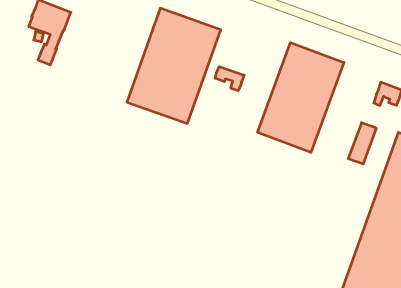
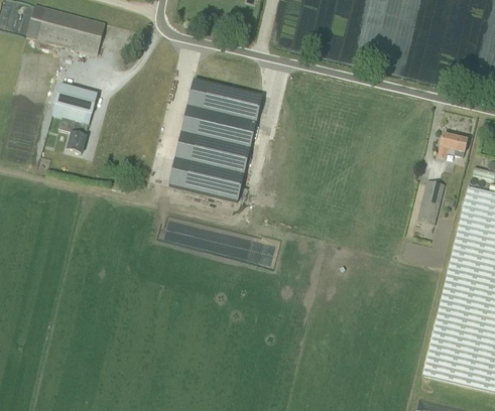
building: [258,43,344,152] -> none
building: [215,67,244,91] -> none

